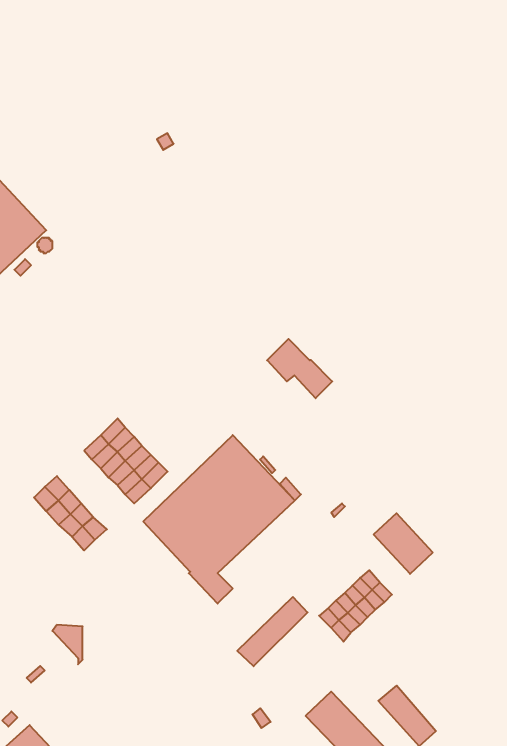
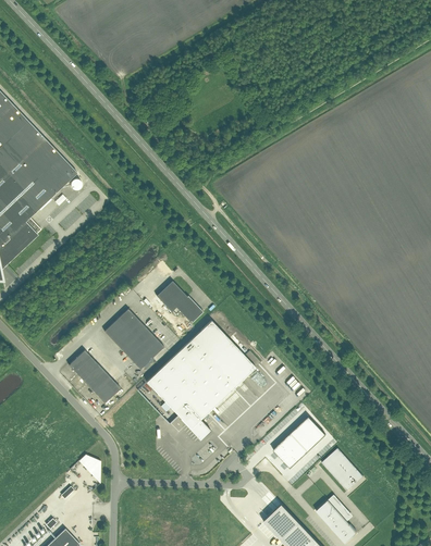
building: [267,339,332,398] -> [157,281,204,323]
building: [374,513,433,574] -> [321,447,364,491]
building: [237,597,308,666] -> none

